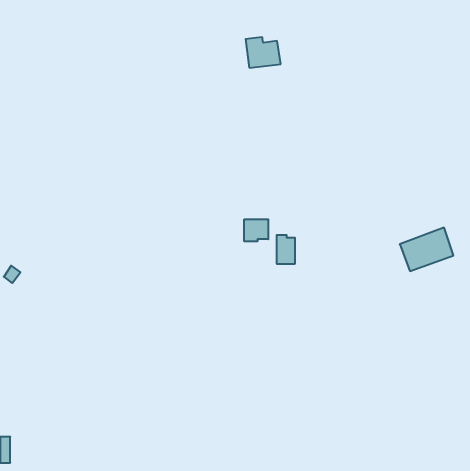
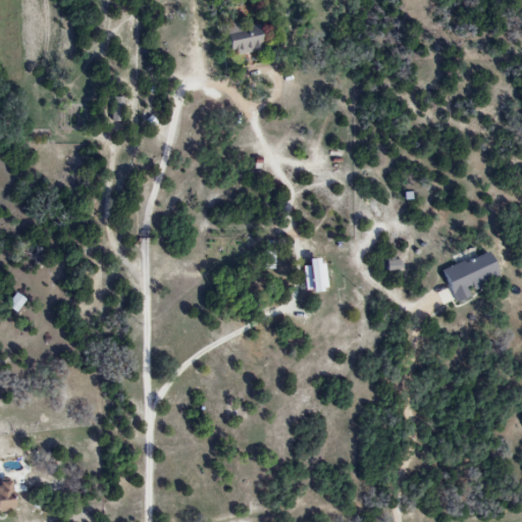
building: [246,37,281,68] -> [226,20,265,54]
building: [244,219,268,241] -> none

